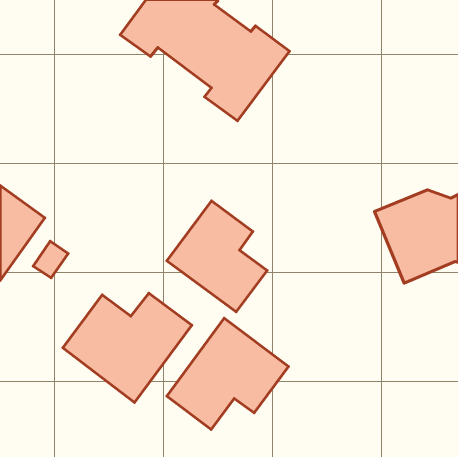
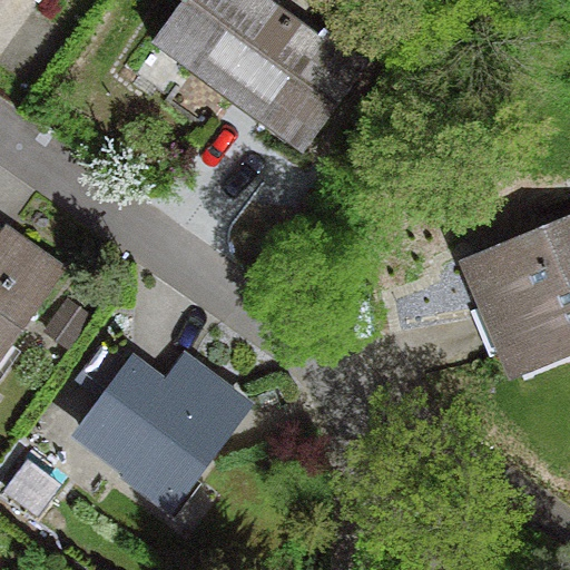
building: [167,201,267,312] -> none
building: [167,318,289,429] -> none

